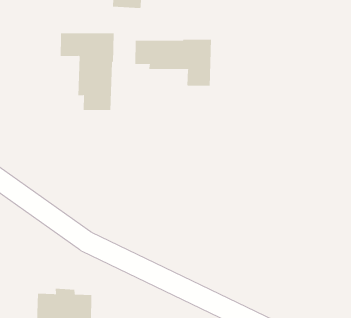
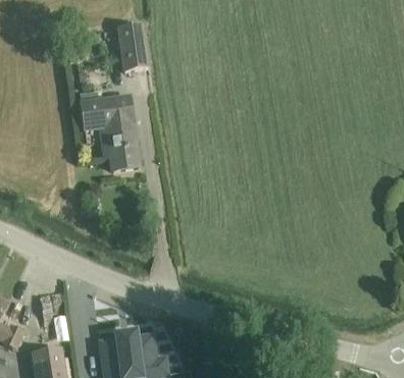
building: [135,39,211,86] -> none

